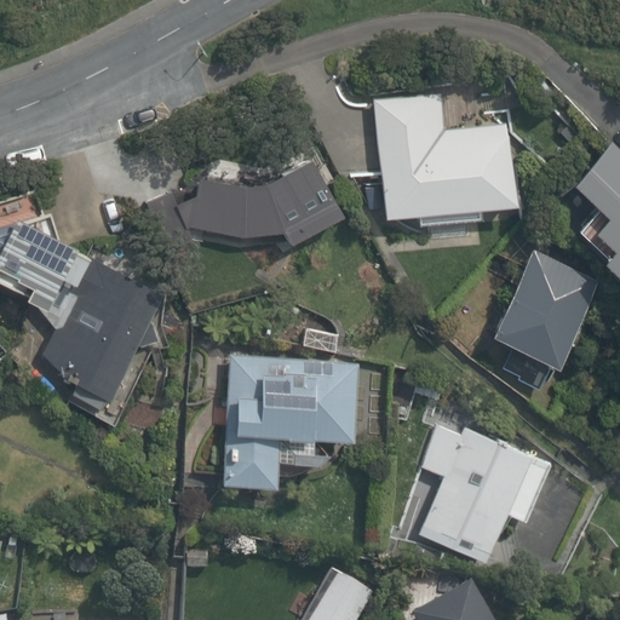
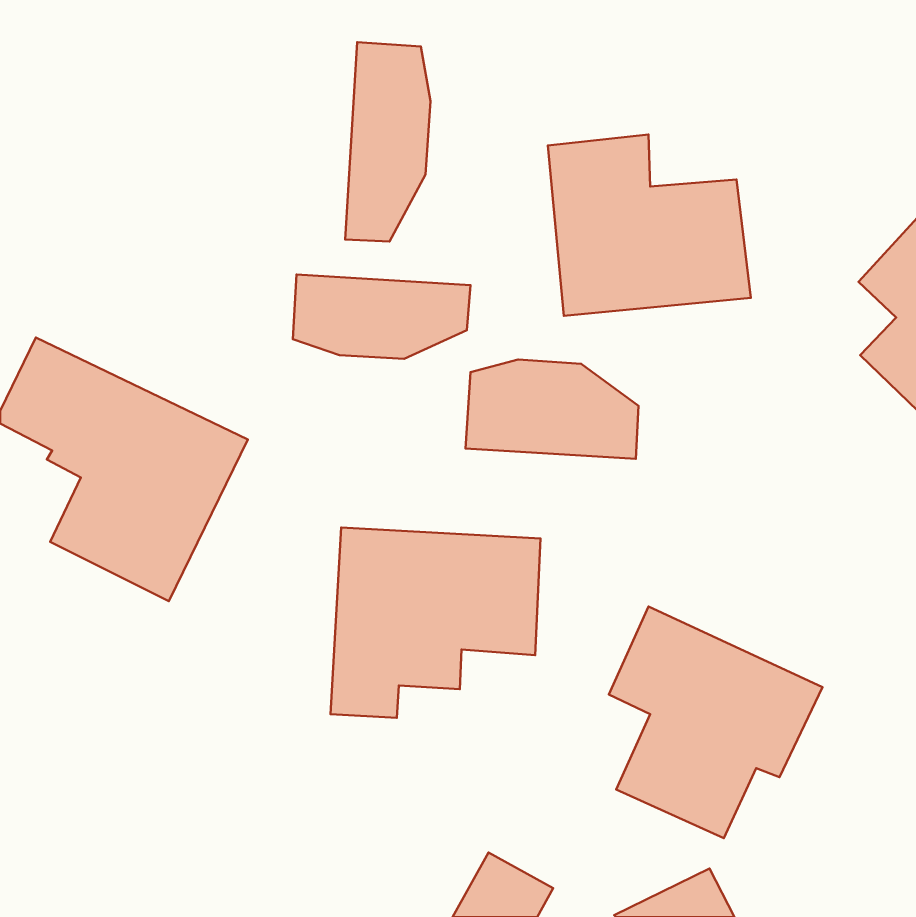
building: none -> [345,42,431,241]
building: none -> [465,360,638,459]
building: [494,249,599,371] -> none

